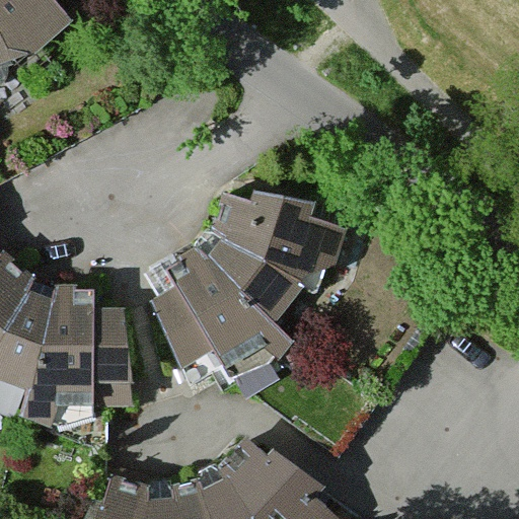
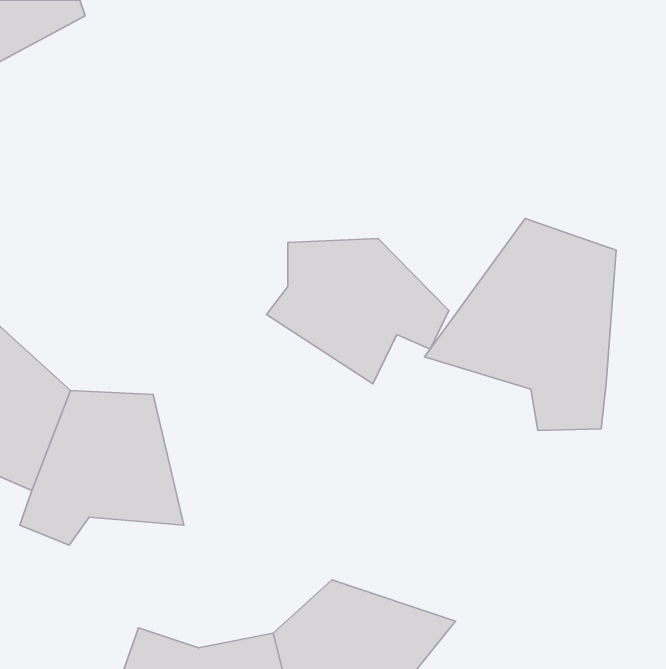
building: none -> [425,219,616,430]
building: [156,248,284,359] -> none

